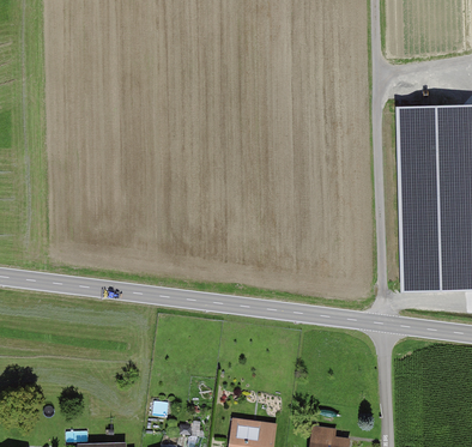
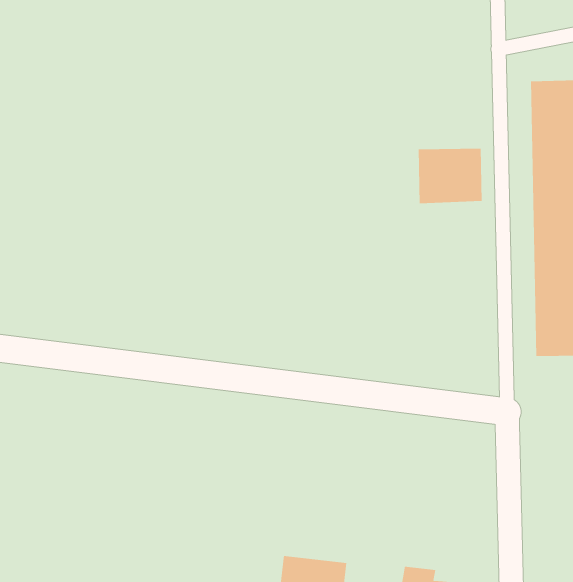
building: none -> [418,148,482,204]

